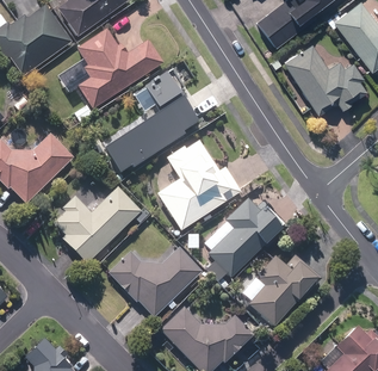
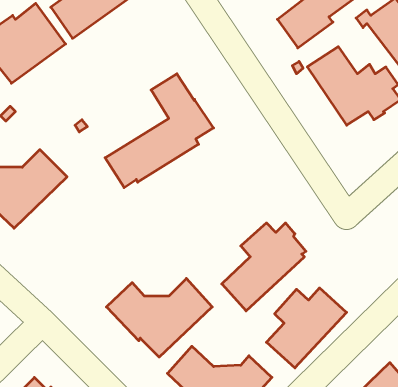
building: [78,31,163,110] -> none
building: [157,142,241,231] -> none
building: [54,190,145,266] -> none

